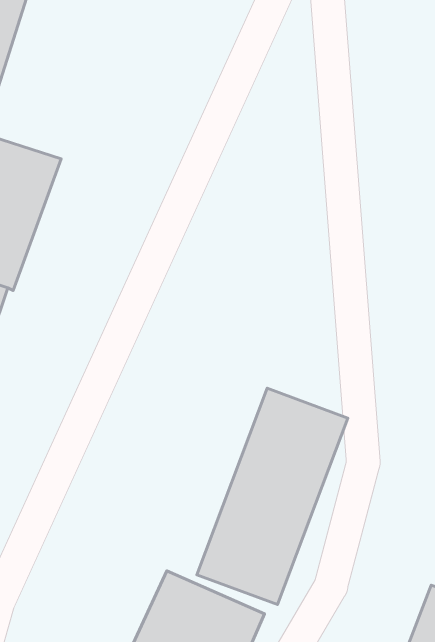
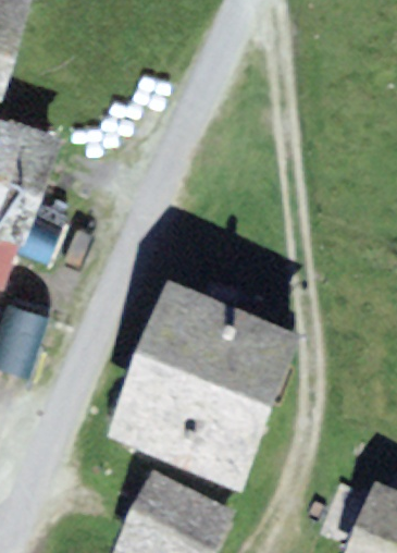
building: none -> [103,300,229,482]

